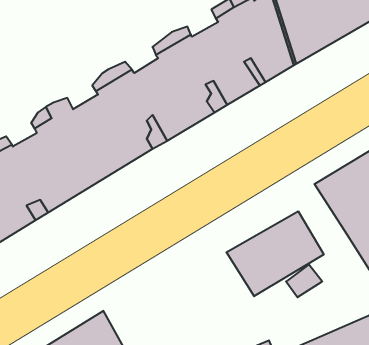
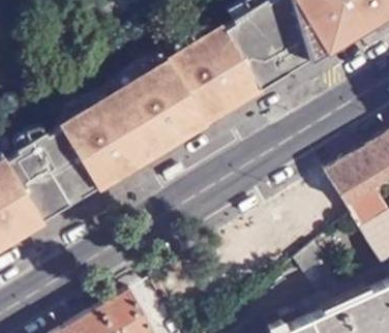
building: [226,211,324,296] -> none

